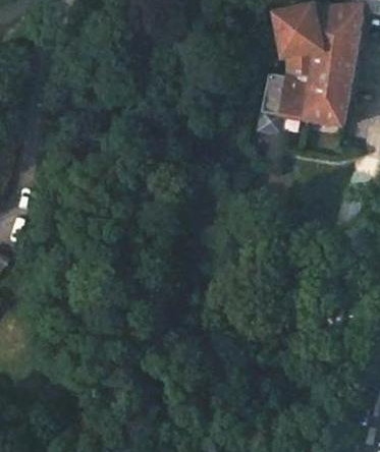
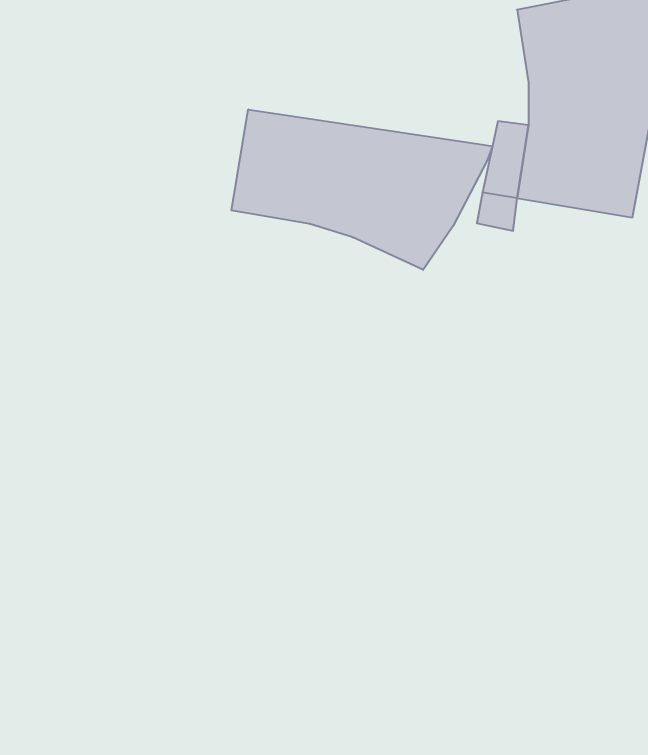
building: none -> [231,109,492,270]

